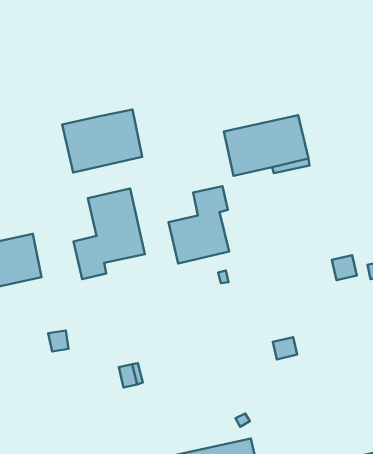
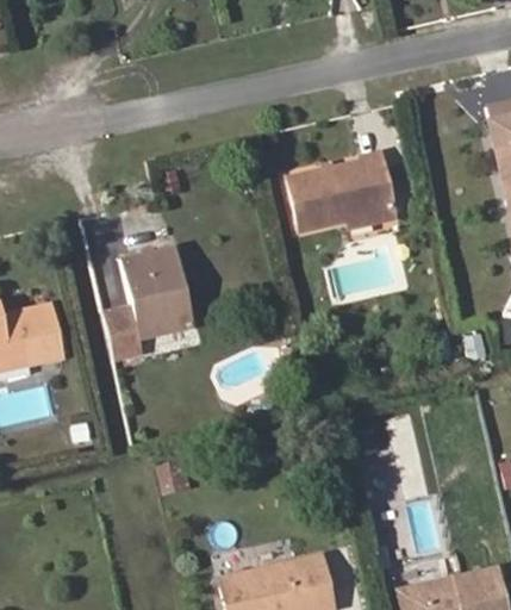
building: [62,109,142,172] -> none
building: [169,186,229,264] -> none

